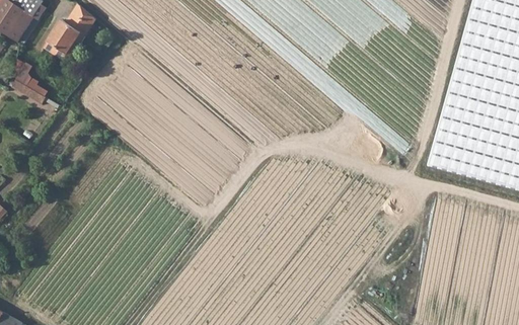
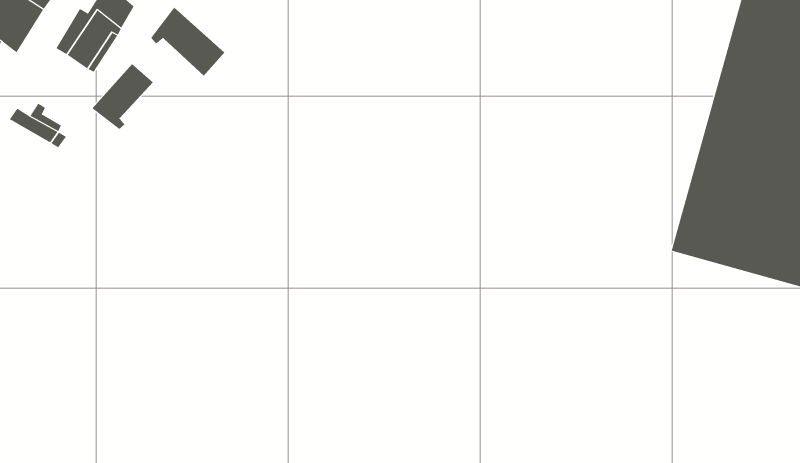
building: none -> [150,7,225,77]
building: none -> [91,63,154,130]

